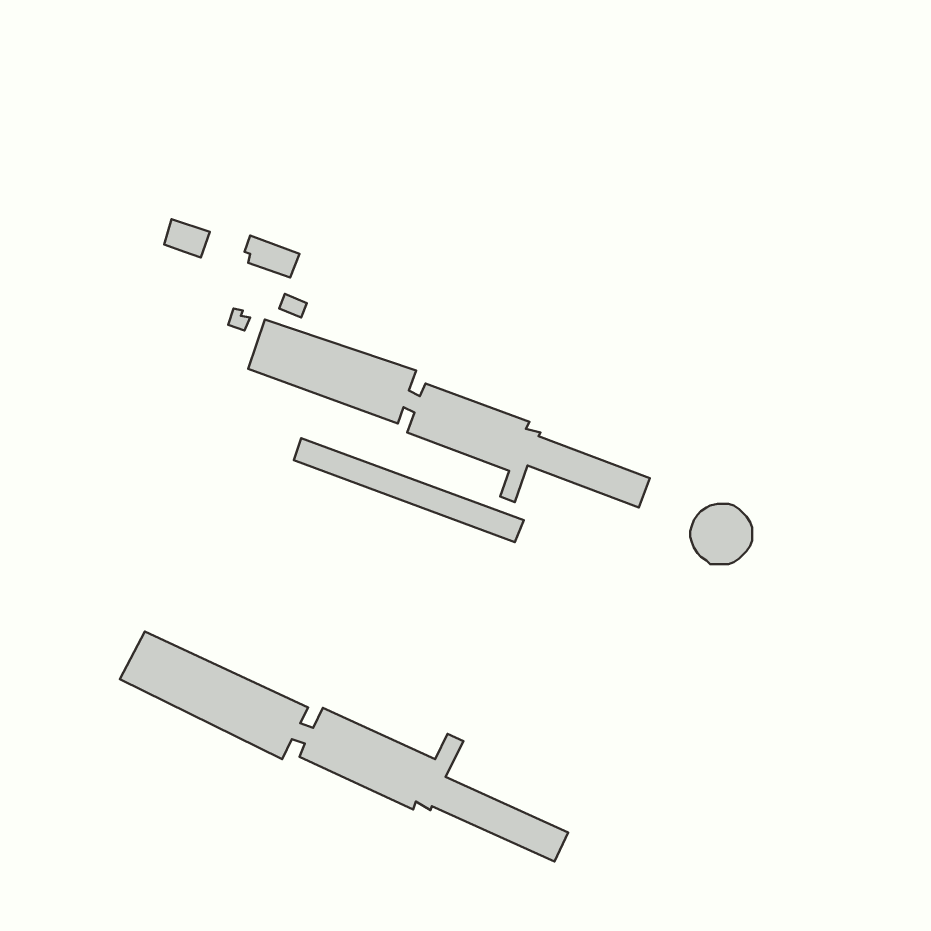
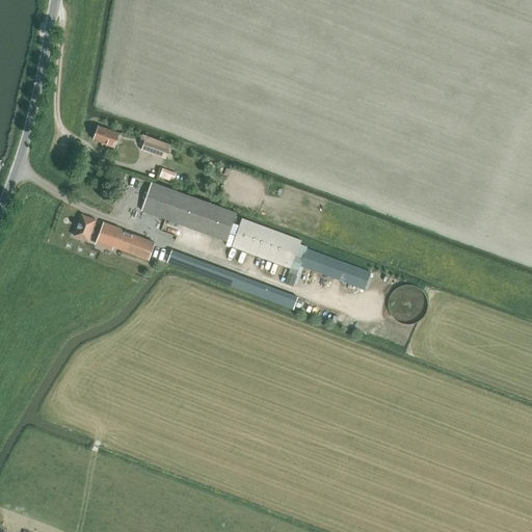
building: none -> [74,214,155,259]
building: [120,632,568,862] -> none

